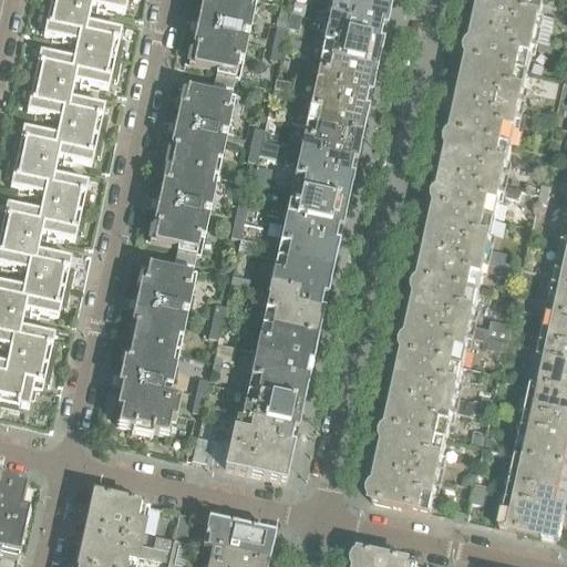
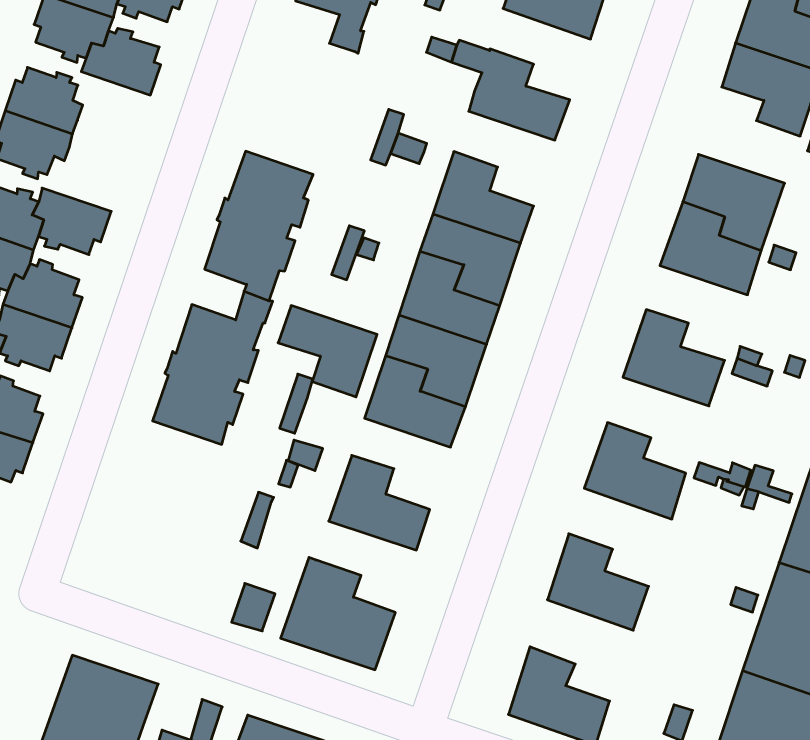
building: [315,51,378,104] -> none
building: [167,84,229,169] -> none
building: [454,85,517,142] -> none
building: [299,118,362,174] -> none
building: [54,121,103,159] -> none
building: [41,166,91,207] -> none
building: [432,203,495,258] -> none
building: [415,276,478,332] -> none
building: [256,320,318,373] -> [278,306,377,397]
building: [115,337,195,436] -> none
building: [399,349,463,406] -> none
building: [240,388,303,441] -> none
building: [382,422,446,482] -> none

